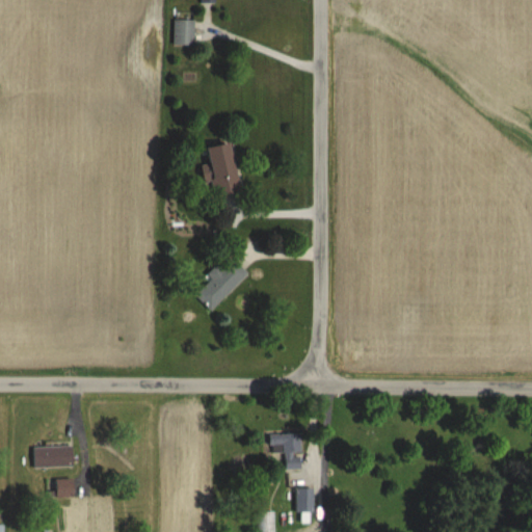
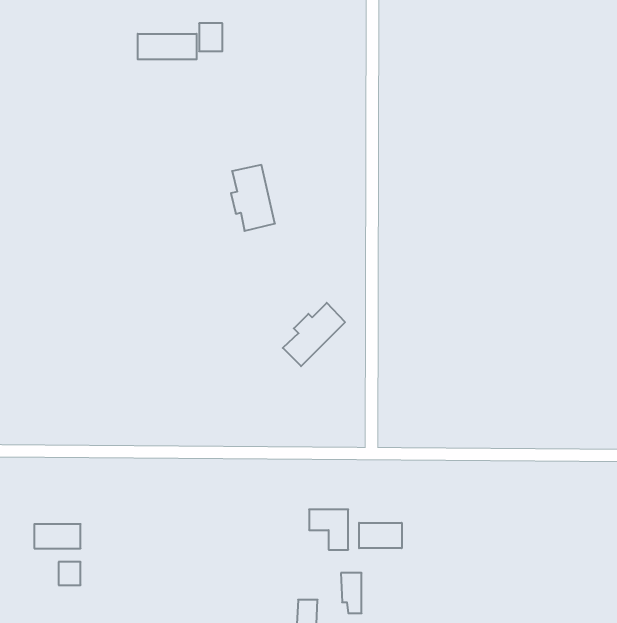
building: none -> [138,34,197,59]
building: [194,257,247,311] -> [283,303,345,366]
building: none -> [359,523,402,548]

